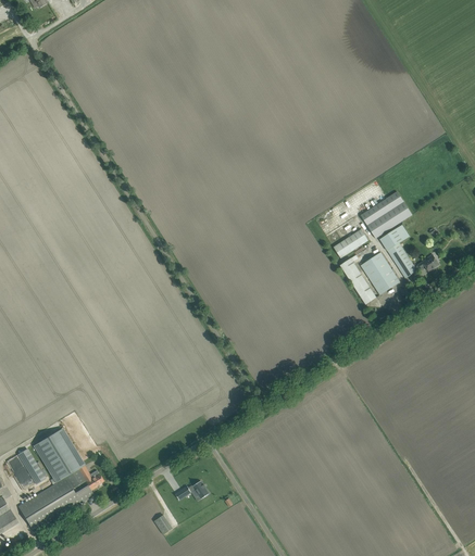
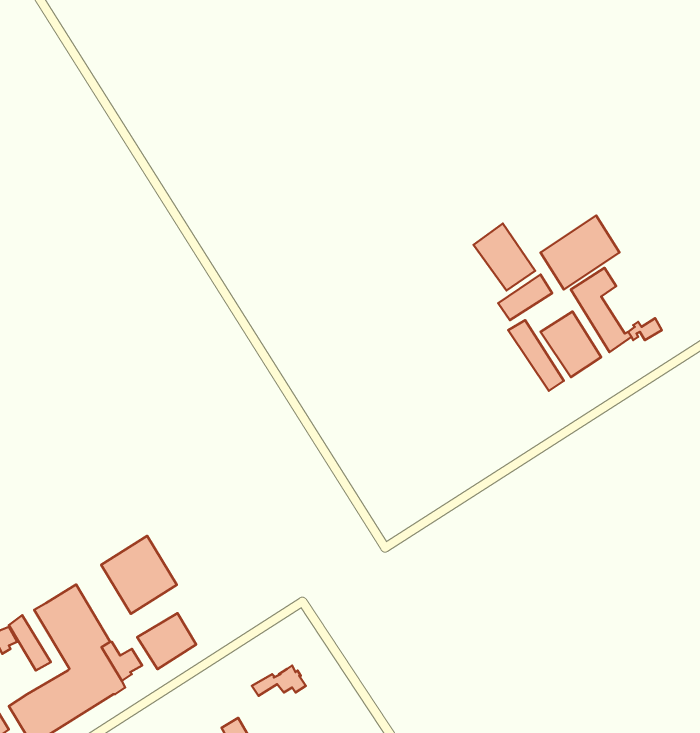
building: none -> [474,224,535,291]
building: none -> [101,536,177,614]
building: none -> [137,613,196,669]

